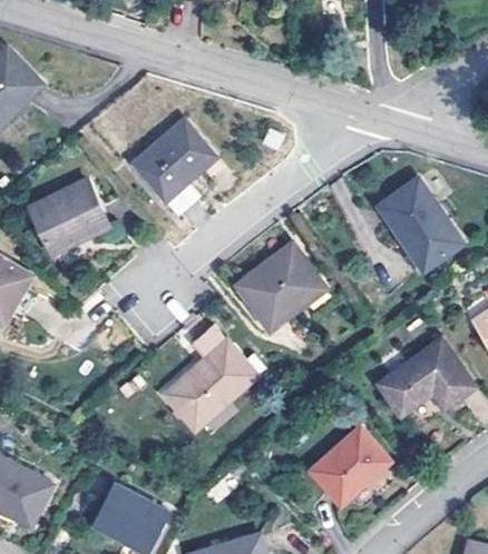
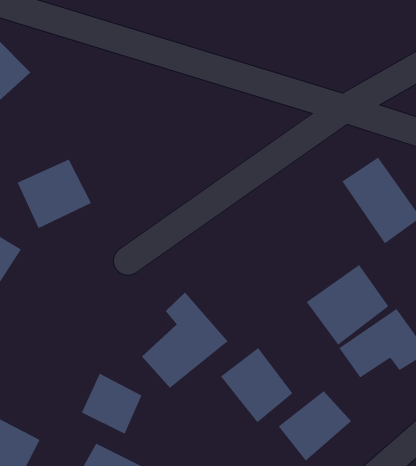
building: [133,120,214,199] -> none
building: [236,244,326,332] -> [306,264,389,345]
building: none -> [220,347,293,423]
building: none -> [81,373,142,435]

